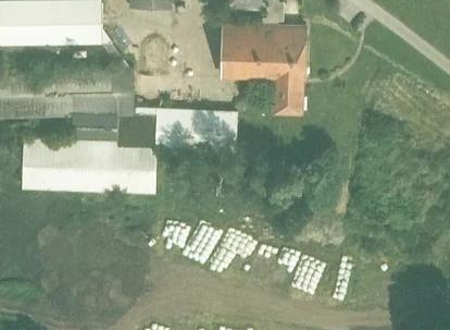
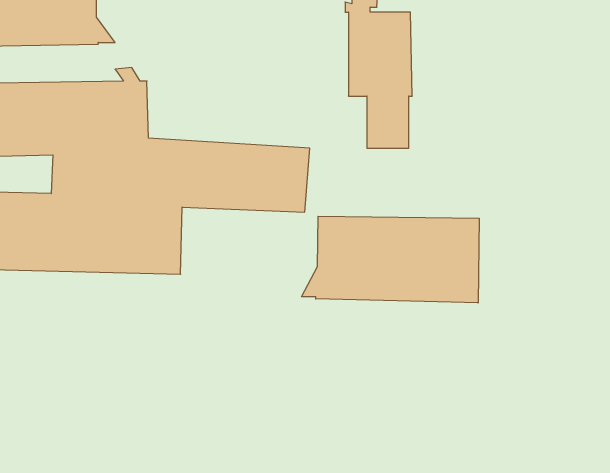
building: [223,25,264,80] -> none
building: none -> [302,216,479,303]

